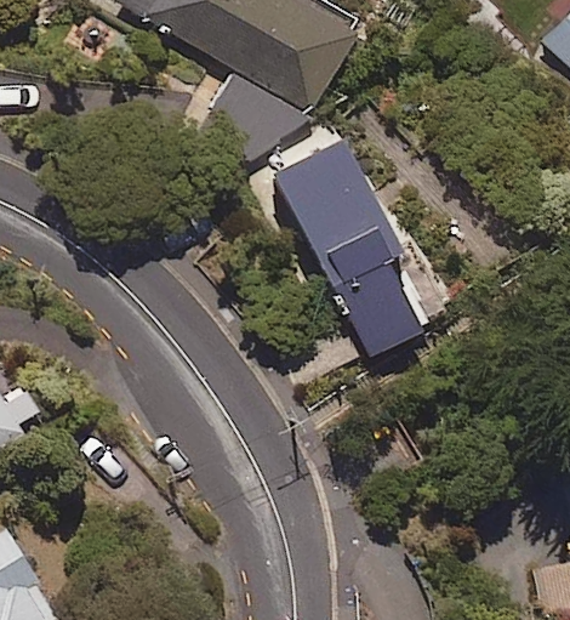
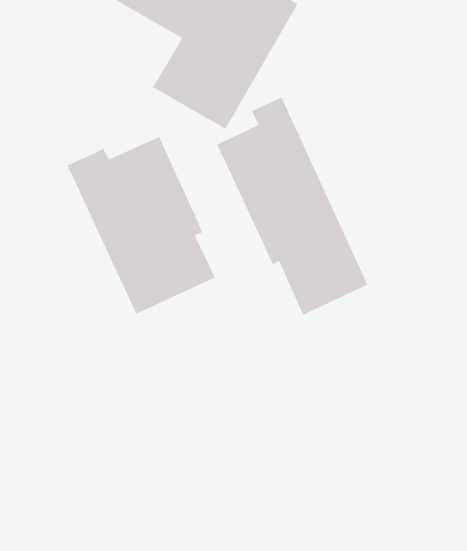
building: none -> [67,136,215,315]

